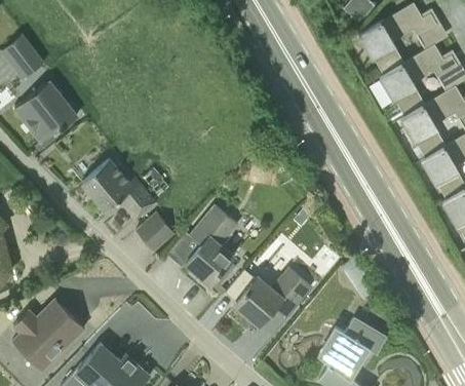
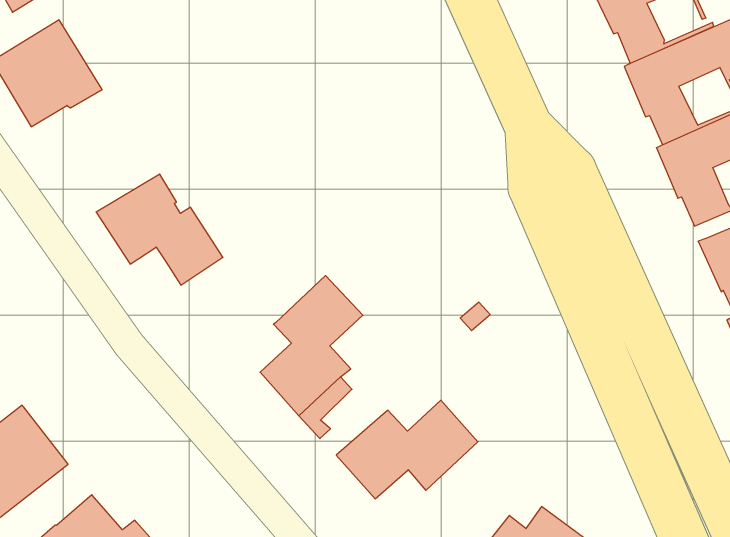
building: [135,214,175,252] -> none

